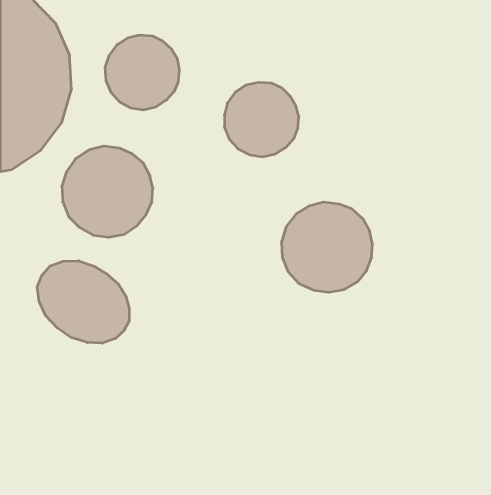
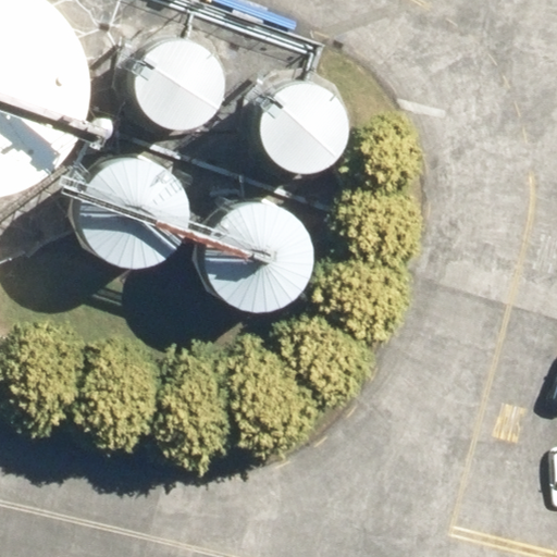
building: [281,202,372,292] -> [206,205,307,305]
building: [37,261,129,343] -> none

